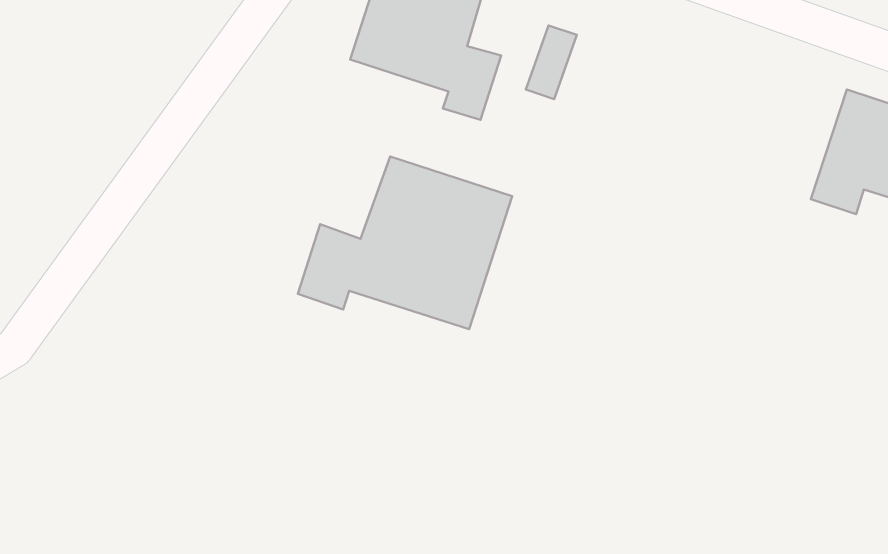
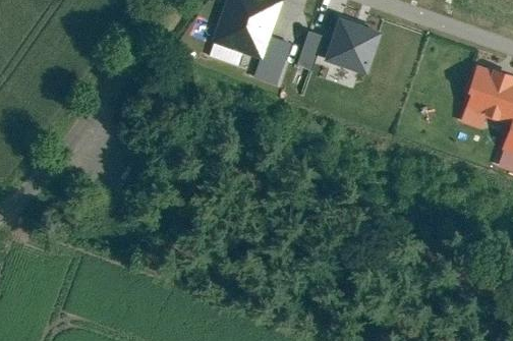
building: none -> [326,20,381,75]
building: [298,156,512,329] -> none

